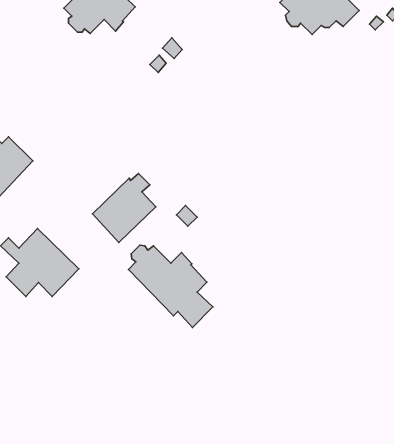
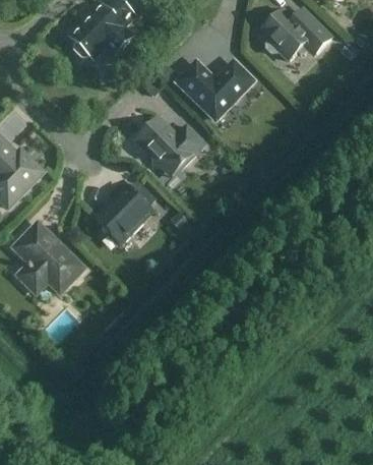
building: none -> [178,61,253,118]
building: none -> [135,116,205,166]
building: [128,245,213,327] -> none

